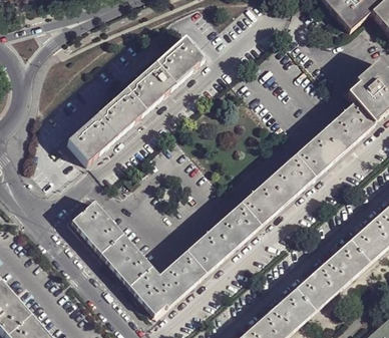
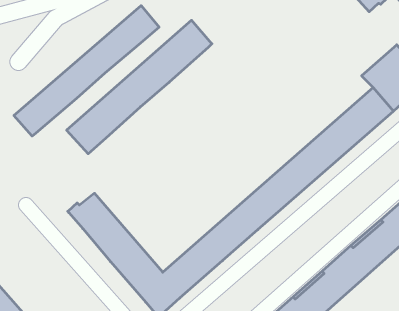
building: none -> [14,6,159,136]

